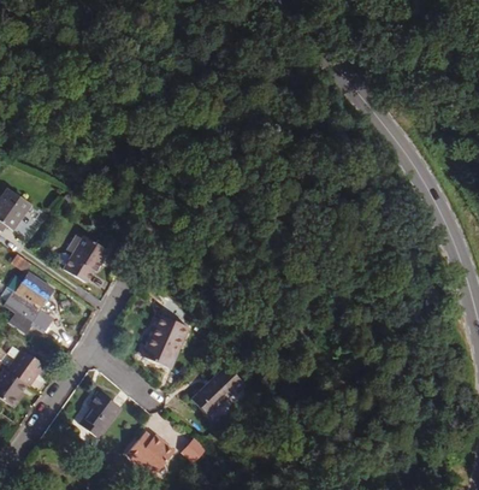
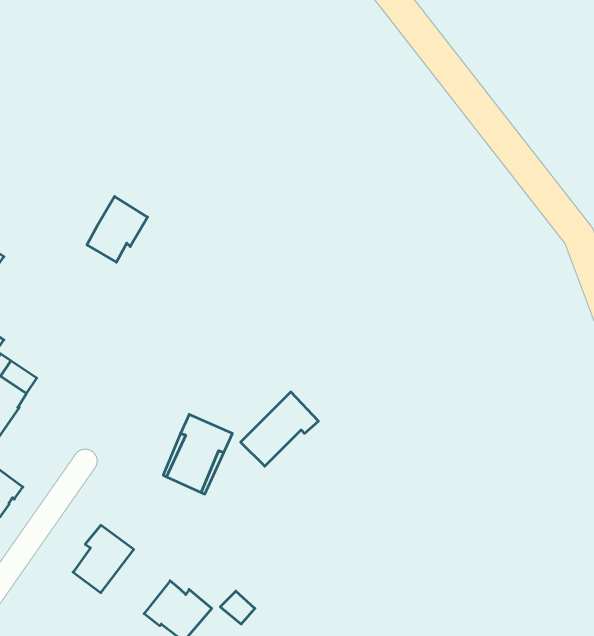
building: [65,236,107,282] -> [87,196,148,262]
building: [190,365,244,417] -> [241,392,318,466]

